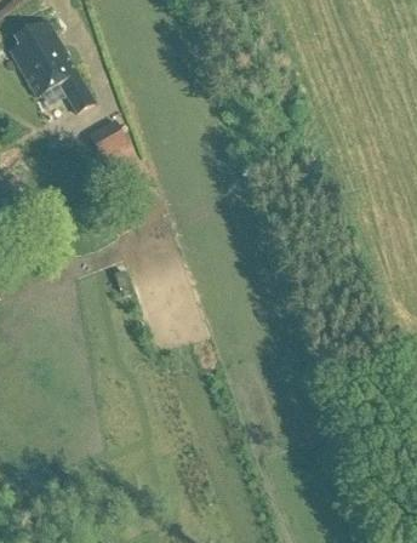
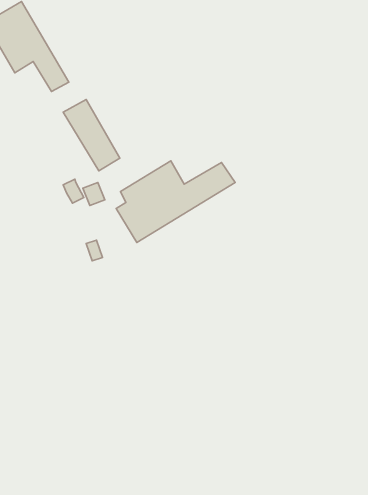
building: none -> [116,161,235,242]

